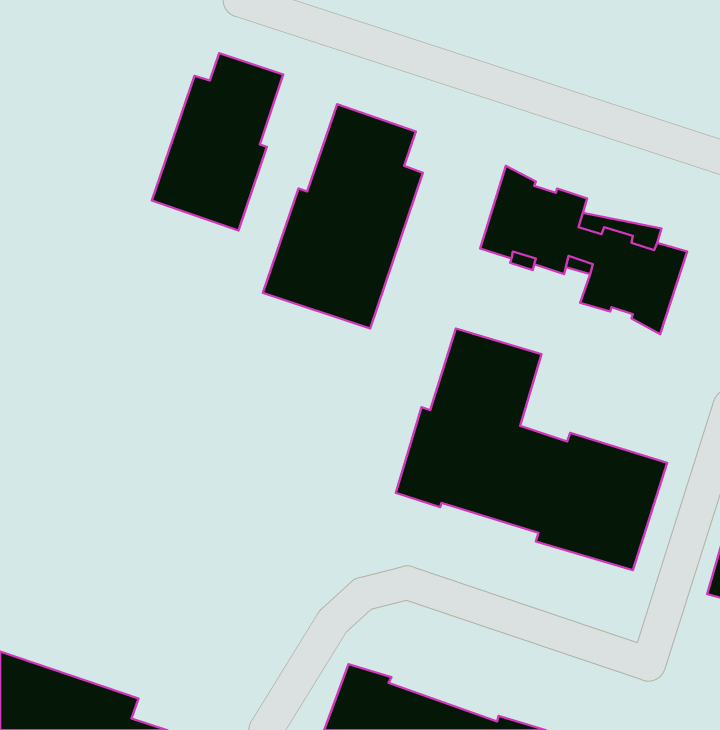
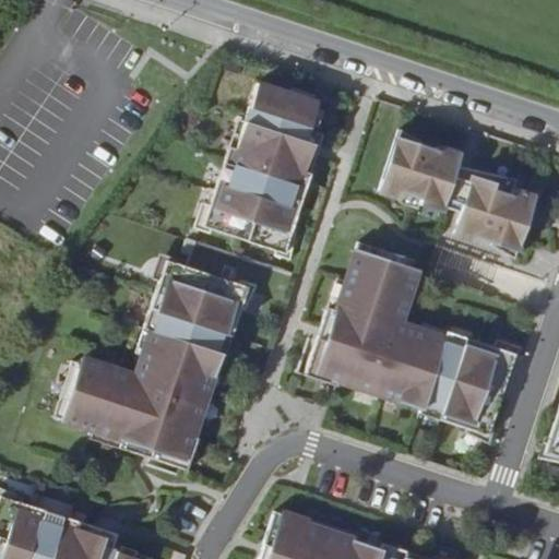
building: [152,53,283,231] -> none
building: none -> [66,258,253,464]

